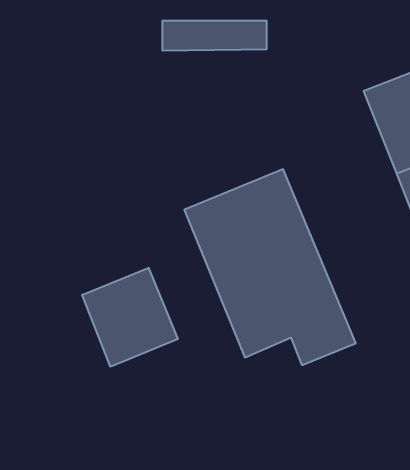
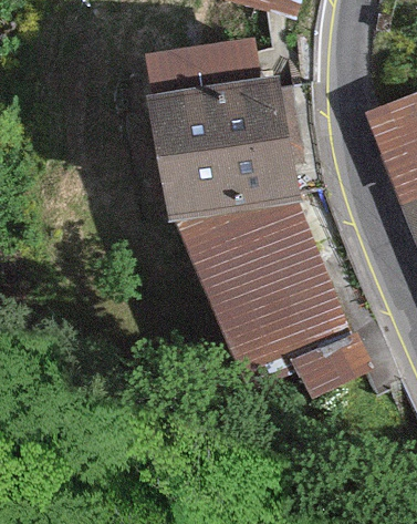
building: none -> [148,79,291,209]
building: [82,268,178,367] -> none

